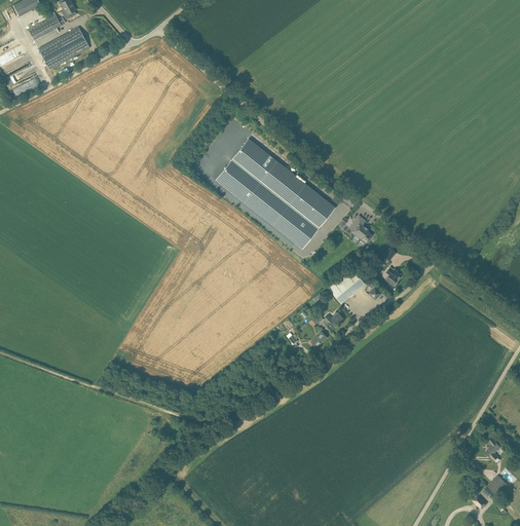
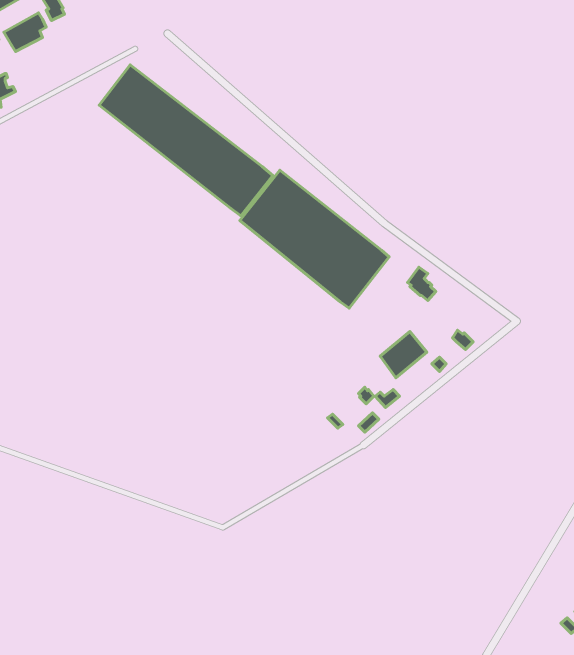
building: [38,27,90,69] -> none
building: none -> [99,65,273,216]

